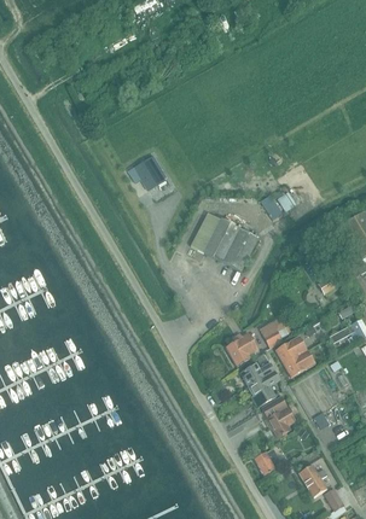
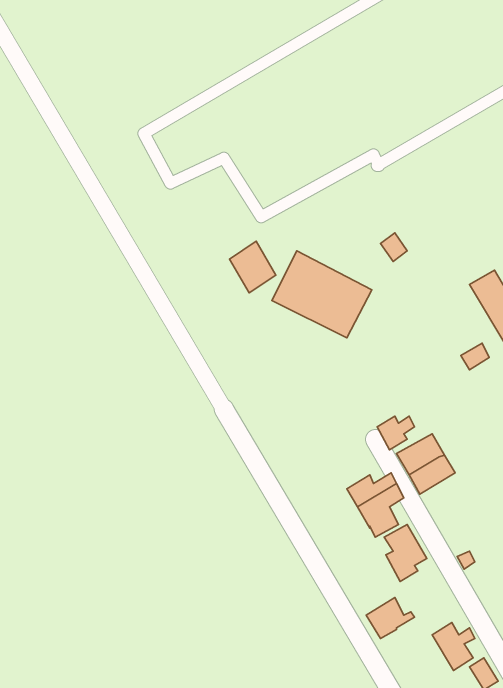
building: [134,154,165,189] -> [230,241,276,293]
building: [223,331,258,365] -> none

